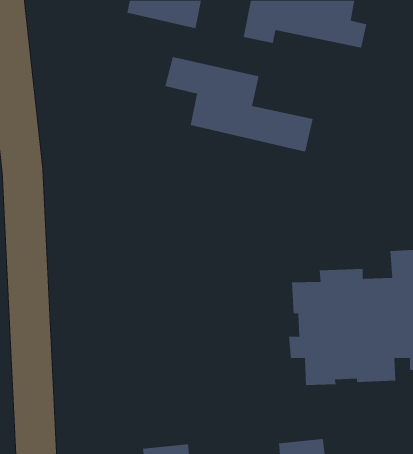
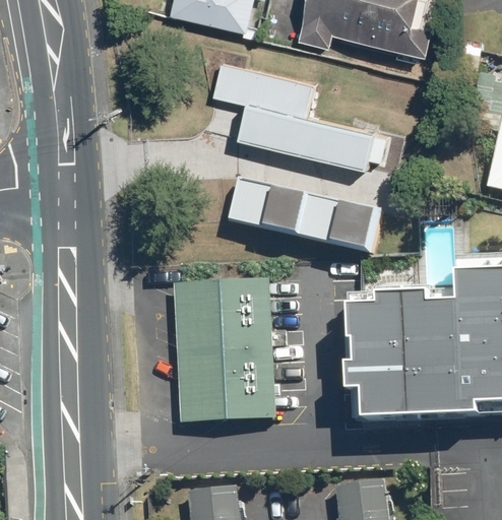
building: none -> [228,177,380,254]
building: none -> [174,279,274,424]

